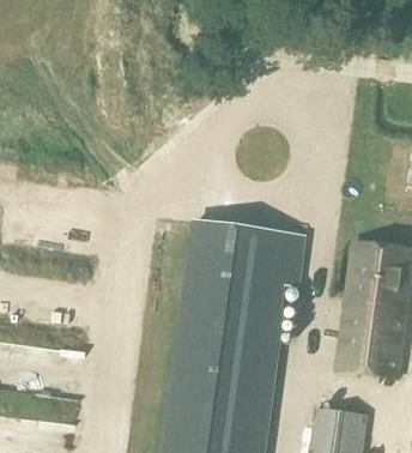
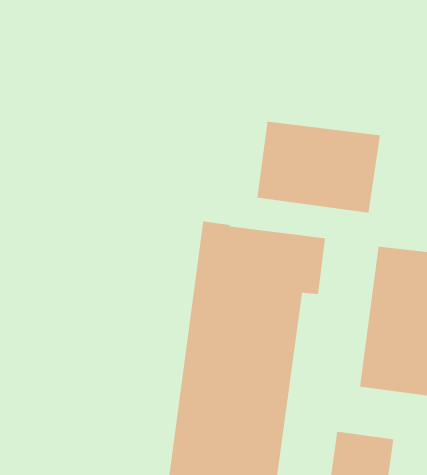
building: none -> [257,121,381,213]

